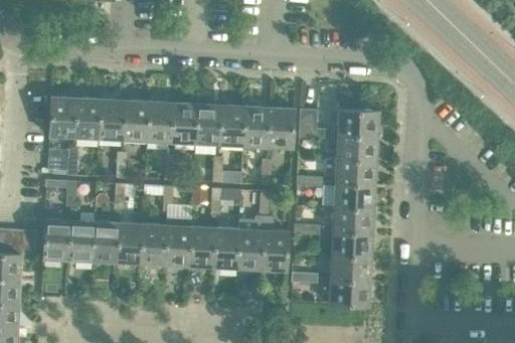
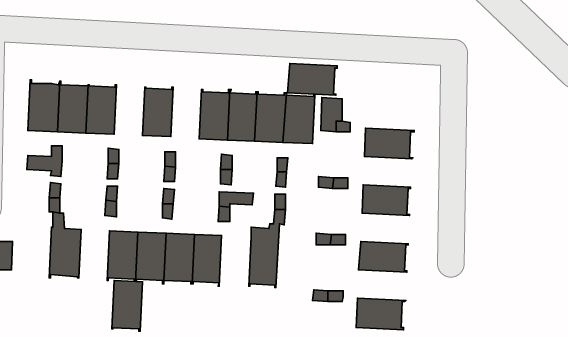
building: [123,99,149,142] -> none
building: [171,101,197,145] -> none
building: [337,111,379,138] -> [288,63,337,95]
building: [335,160,376,186] -> none
building: [333,208,374,234] -> none
building: [261,217,288,272] -> none
building: [43,220,69,264] -> none
building: [93,222,119,266] -> [112,281,142,331]
building: [212,227,239,271] -> none
building: [330,256,372,283] -> none

